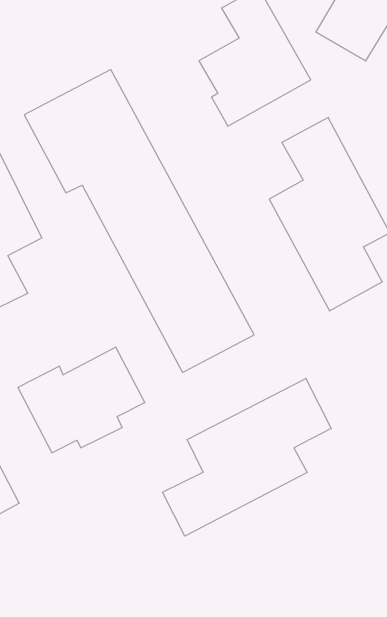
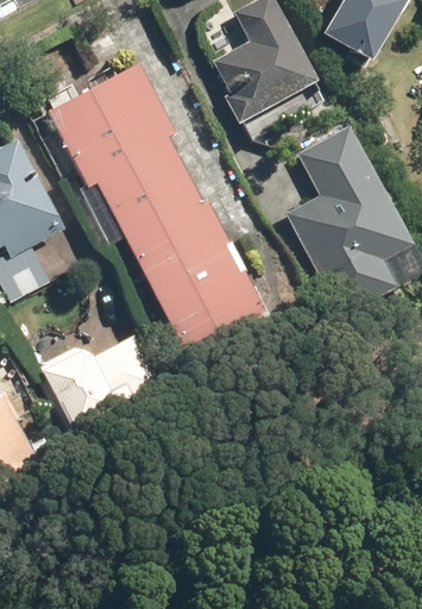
building: [162,378,331,536] -> none

